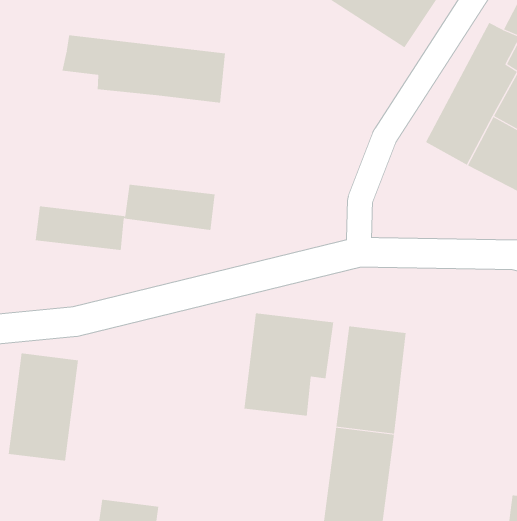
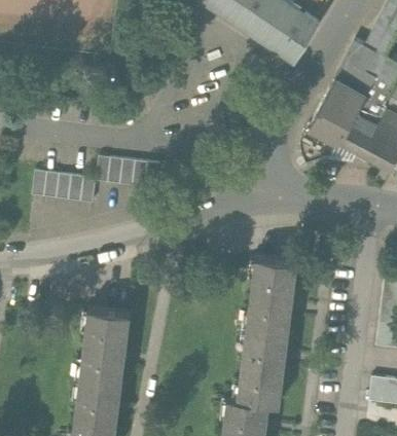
building: [62,35,226,103] -> none
building: [244,312,334,416] -> none
building: [8,353,79,461] -> [79,308,130,386]

